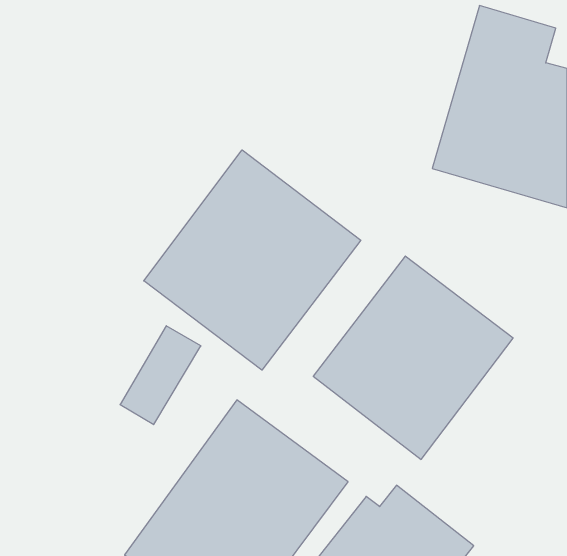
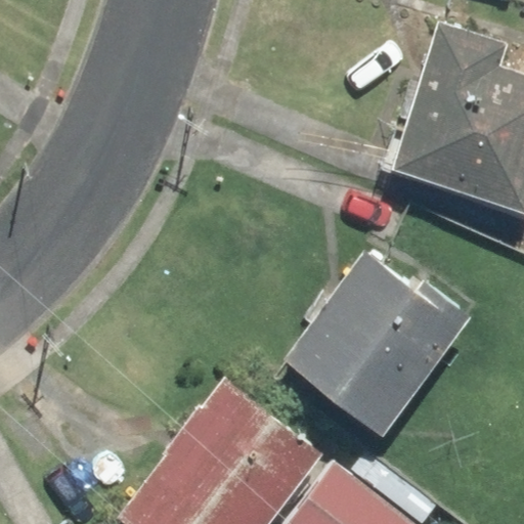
building: [144,150,361,370] -> none

